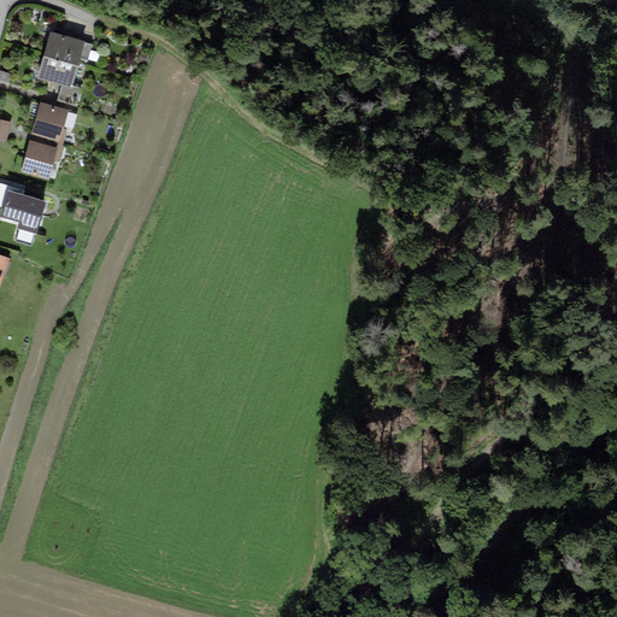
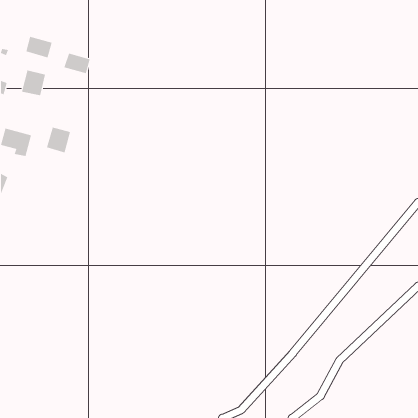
building: [43,31,83,63] -> [64,53,91,74]
building: [20,140,57,178] -> [46,127,71,153]

